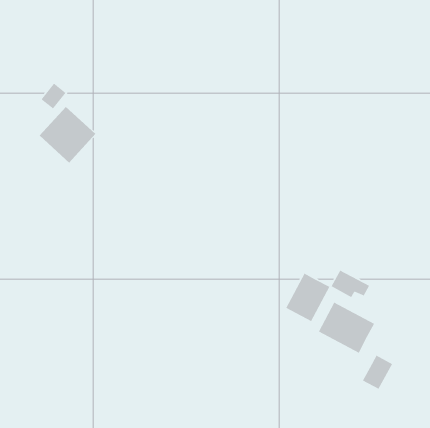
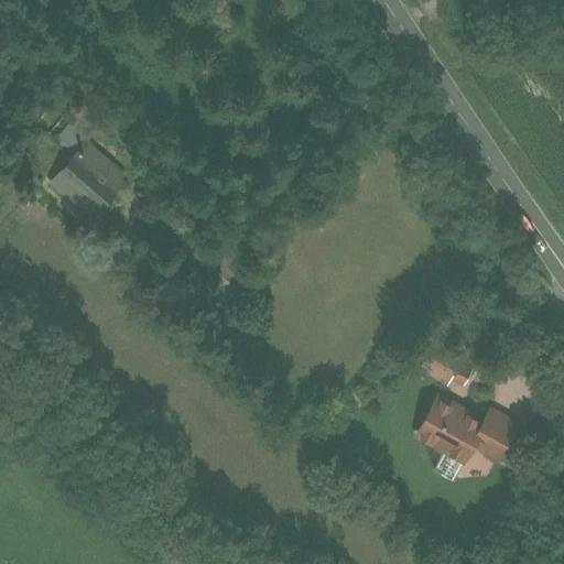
building: [285,272,331,322] -> none
building: [362,355,393,390] -> [479,414,520,460]

